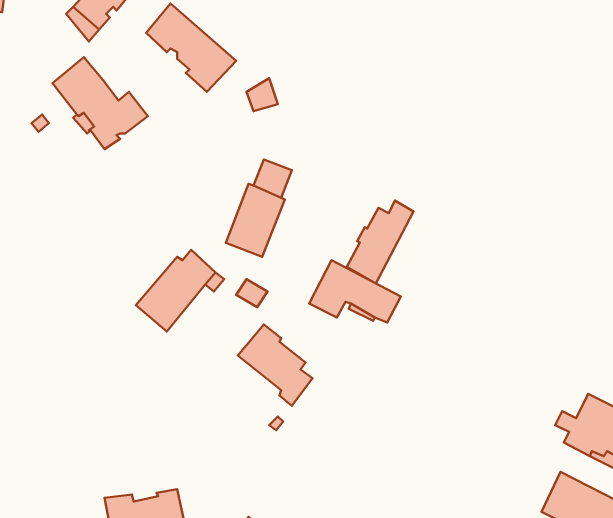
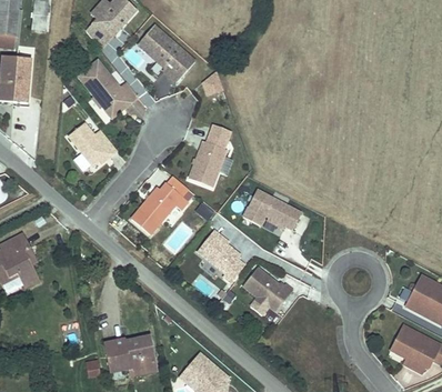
building: none -> [68,122,117,165]
building: [347,200,413,283] -> none
building: none -> [243,267,292,314]

